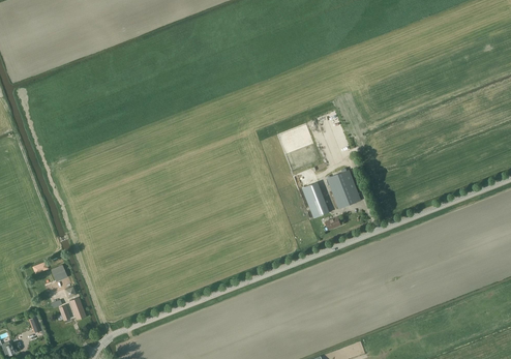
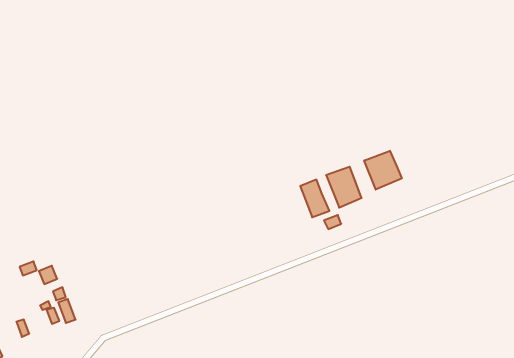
building: none -> [364,151,402,190]

